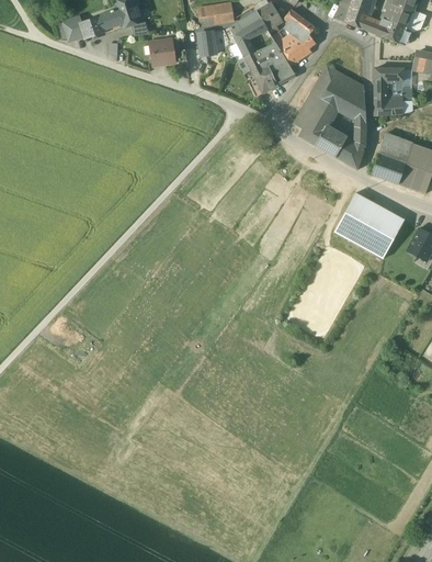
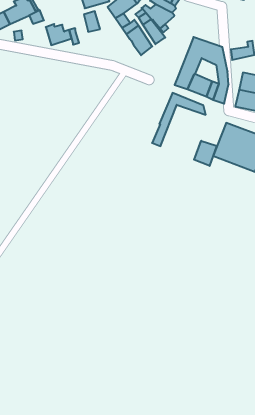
building: [294,65,365,128] -> [152,93,206,146]
building: [375,68,403,102] -> none
building: none -> [194,141,216,166]

